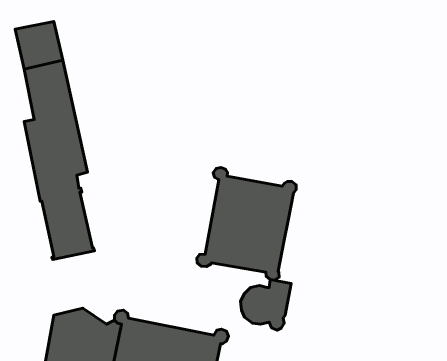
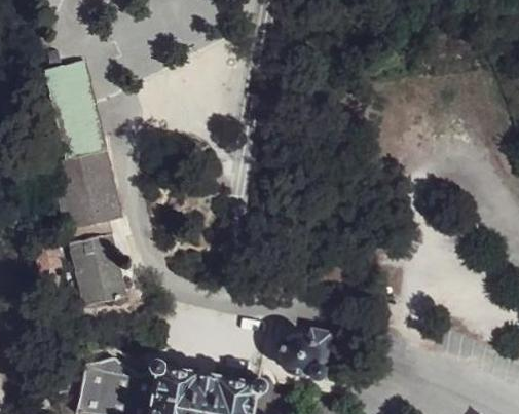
building: [197,168,296,280] -> none

